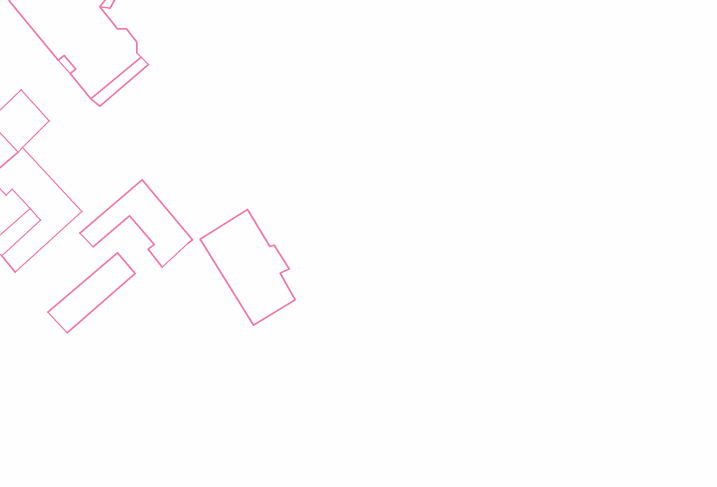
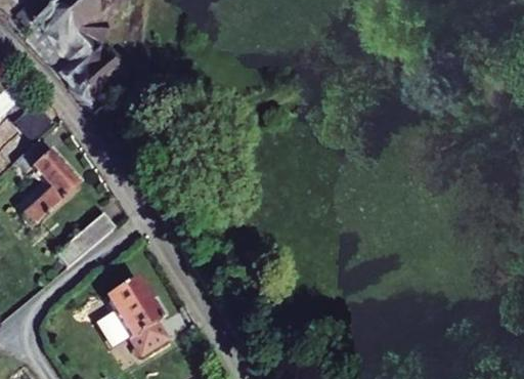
building: [80,180,193,267] -> none
building: [200,209,295,325] -> [104,278,170,357]

